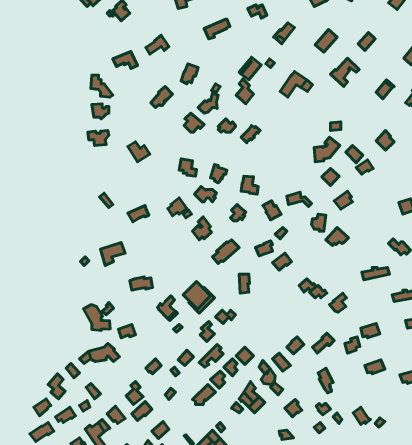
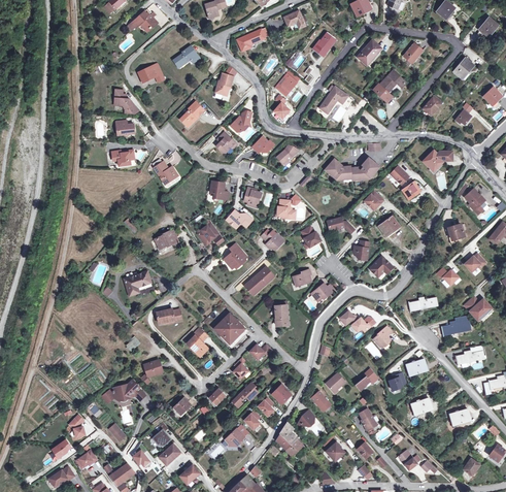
building: none -> [326,158,355,183]
building: [84,305,110,331] -> none

